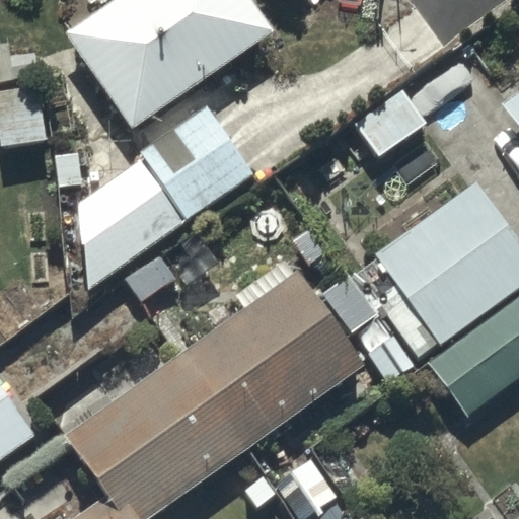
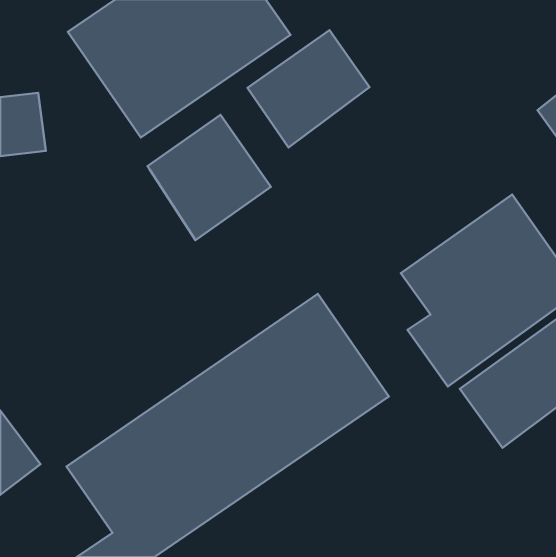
building: none -> [247,30,370,147]
building: [79,157,183,289] -> none

